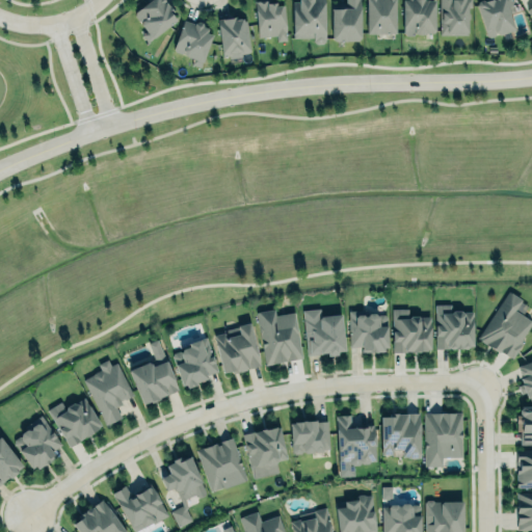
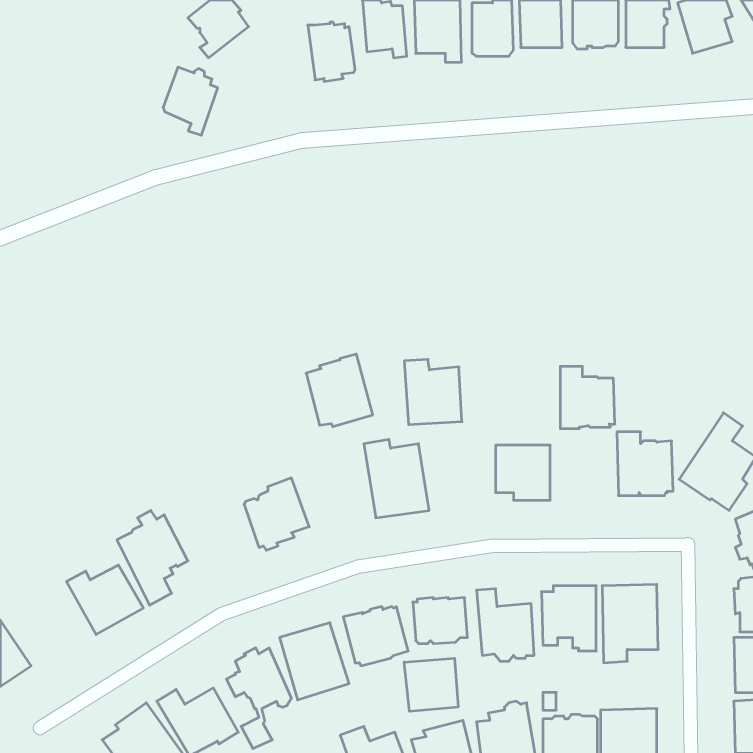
building: [175,21,213,69] -> [163,67,218,135]
building: [394,310,432,353] -> [560,366,615,429]
building: [304,311,345,356] -> [404,359,462,425]
building: [215,323,262,374] -> [306,354,373,427]
building: [129,340,180,405] -> none
building: [16,416,62,471] -> none
building: none -> [404,658,458,711]

